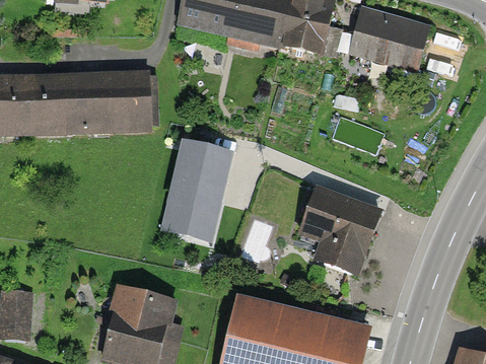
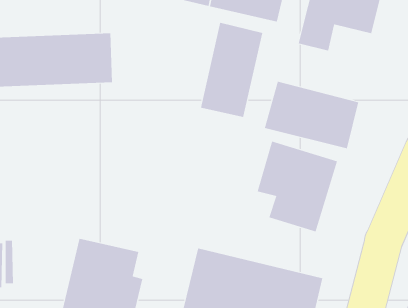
building: none -> [264,81,359,149]
building: [166,136,232,235] -> [200,22,263,117]

